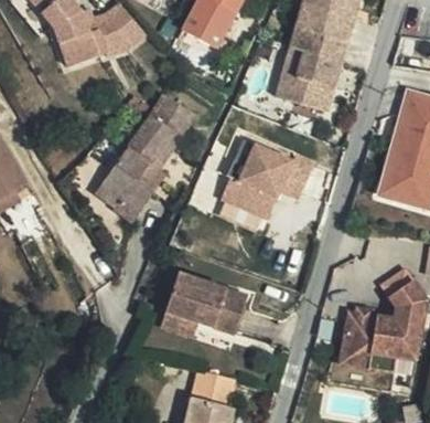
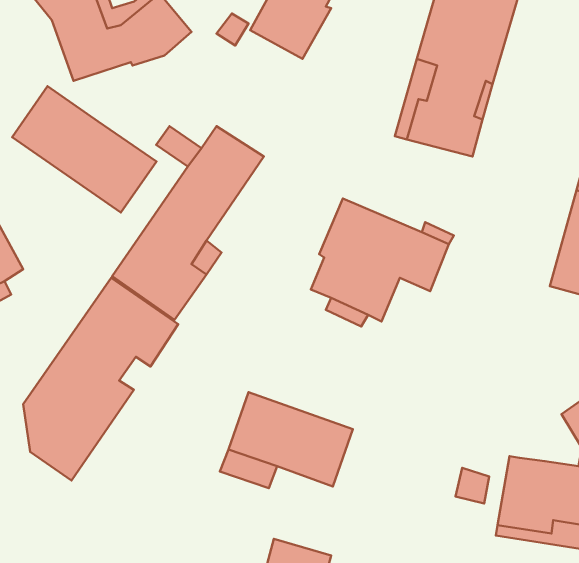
building: none -> [12,86,156,212]
building: none -> [23,278,178,481]

